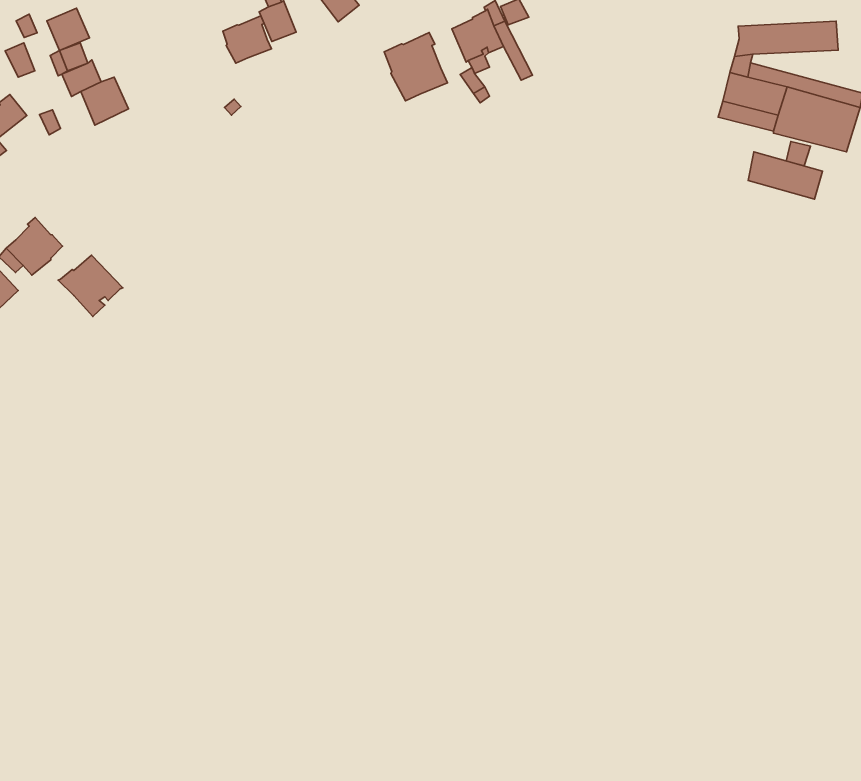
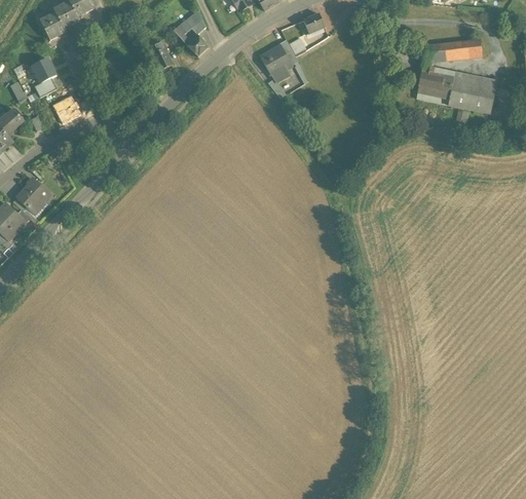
building: [223,16,271,63] -> none
building: [384,32,448,101] -> none
building: [748,152,823,199] -> none
building: [58,255,123,316] -> none

